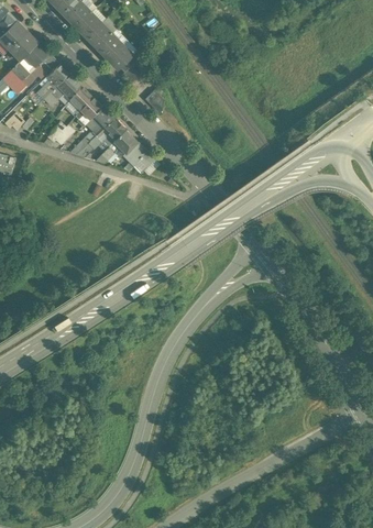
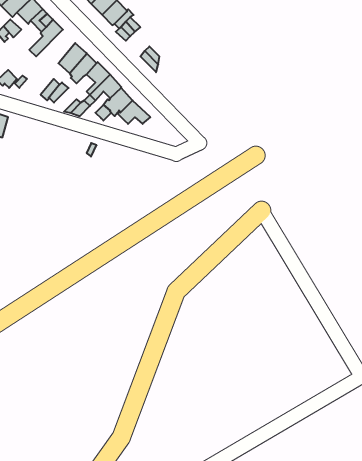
building: [43,73,80,106] -> none

